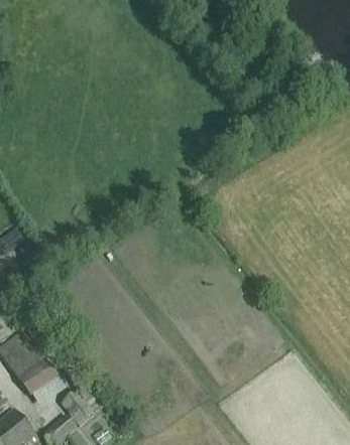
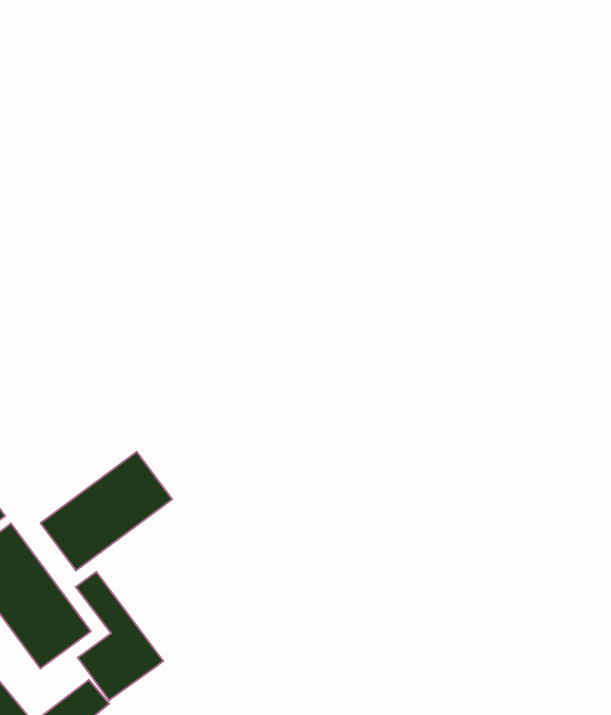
building: none -> [41,452,172,571]

